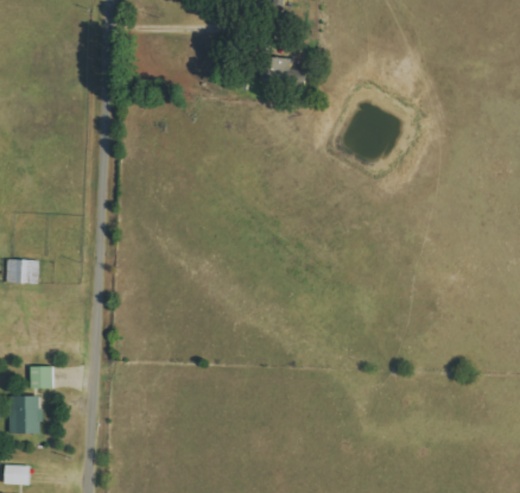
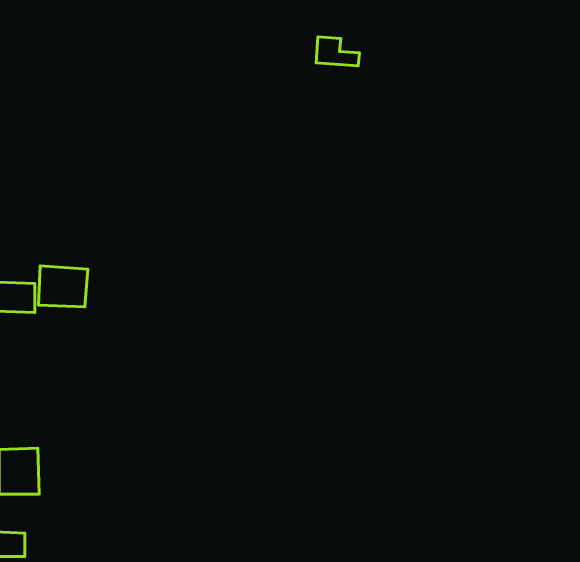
building: none -> [39,266,88,307]
building: [30,365,52,388] -> none

